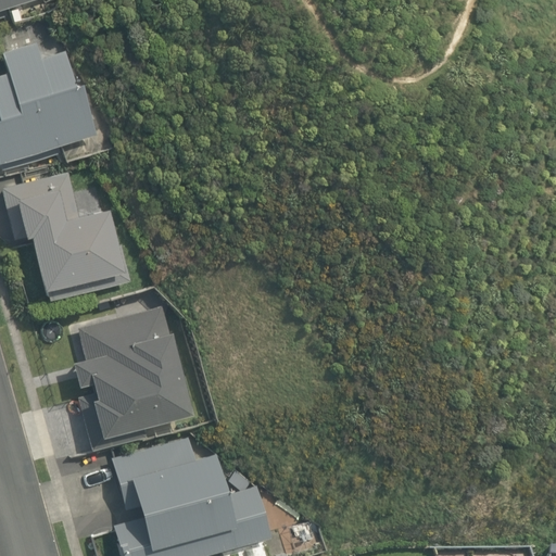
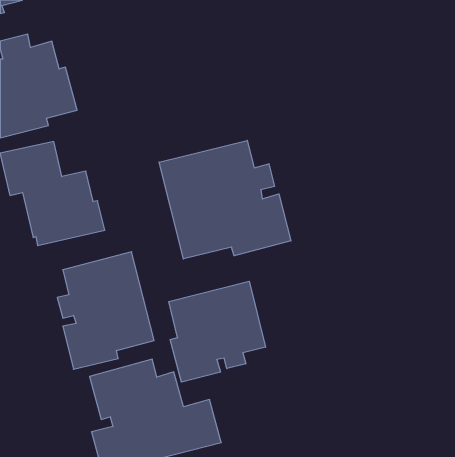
building: none -> [159,140,291,259]
building: none -> [169,281,265,382]

